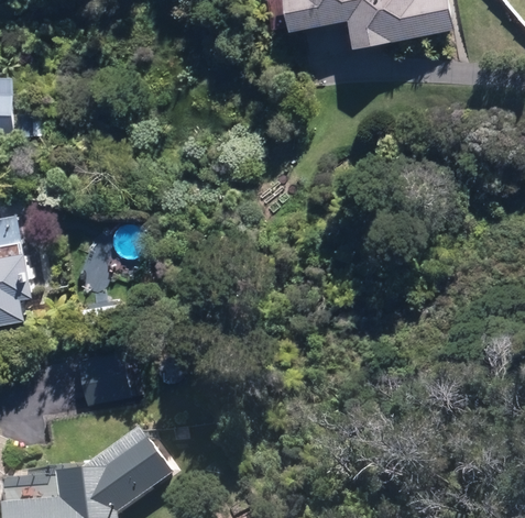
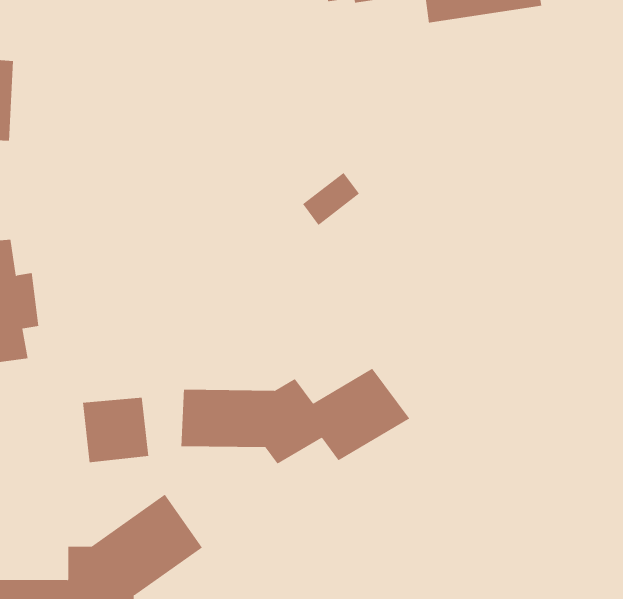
building: none -> [181,368,410,465]

